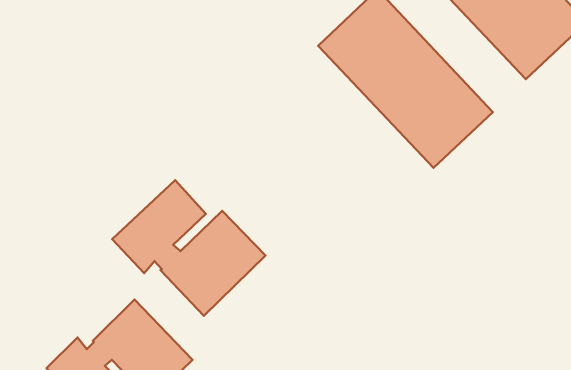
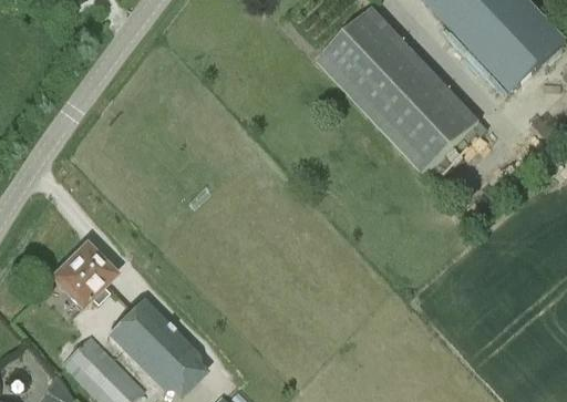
building: [112,180,265,316] -> none
building: none -> [54,247,114,307]

